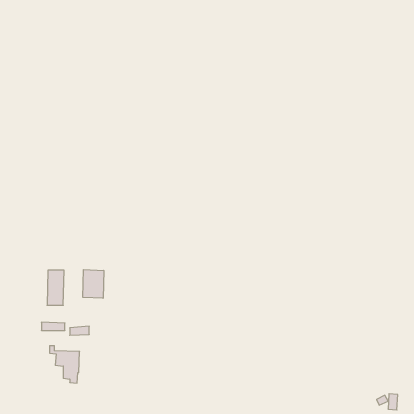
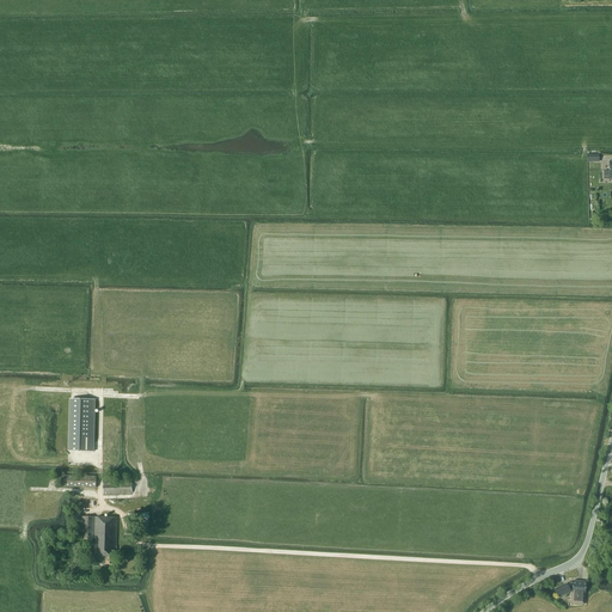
building: [83,270,104,298] -> none

